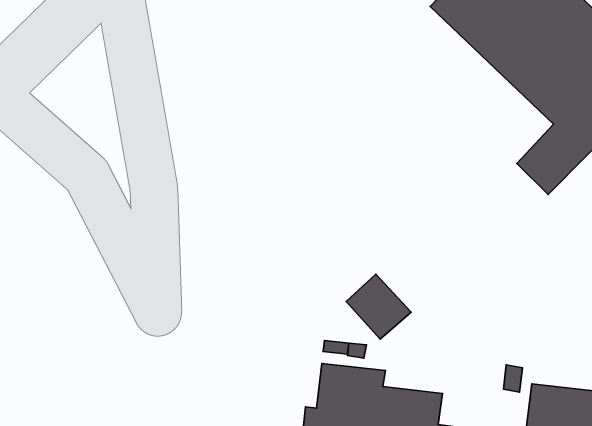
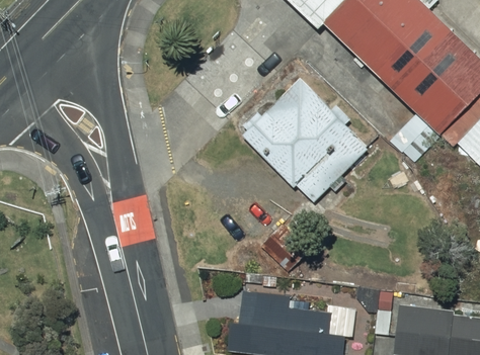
building: none -> [241,80,368,203]

